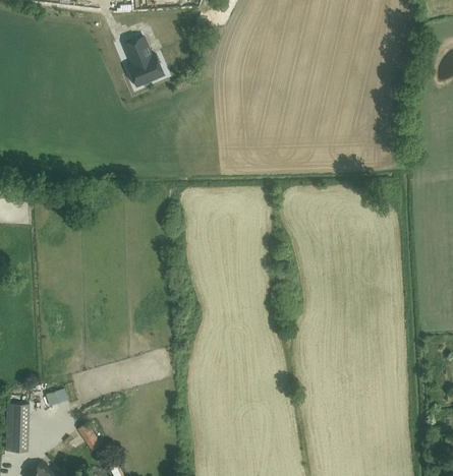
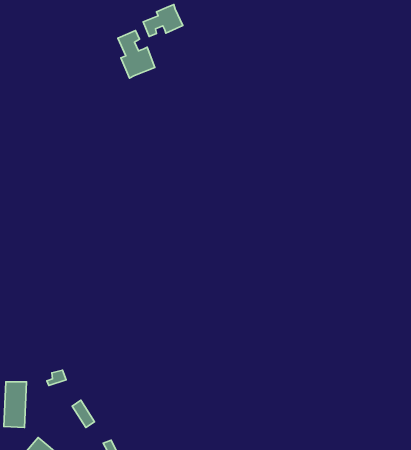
building: none -> [143,5,183,36]

